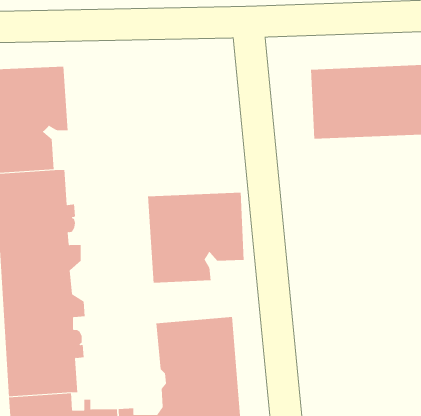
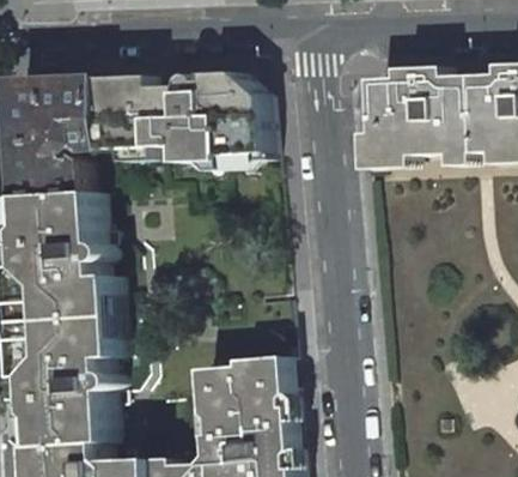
building: none -> [93,71,263,159]
building: [147,192,244,284] -> none

